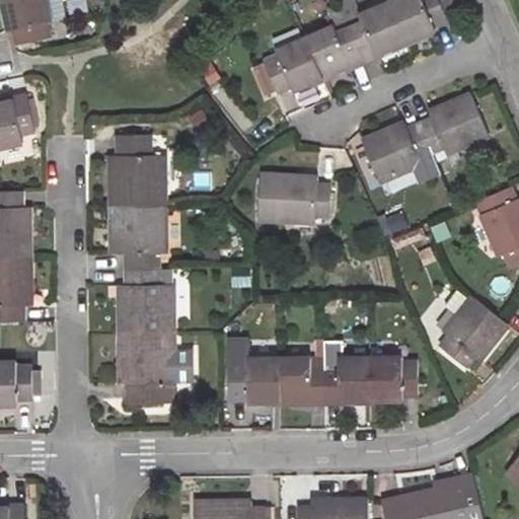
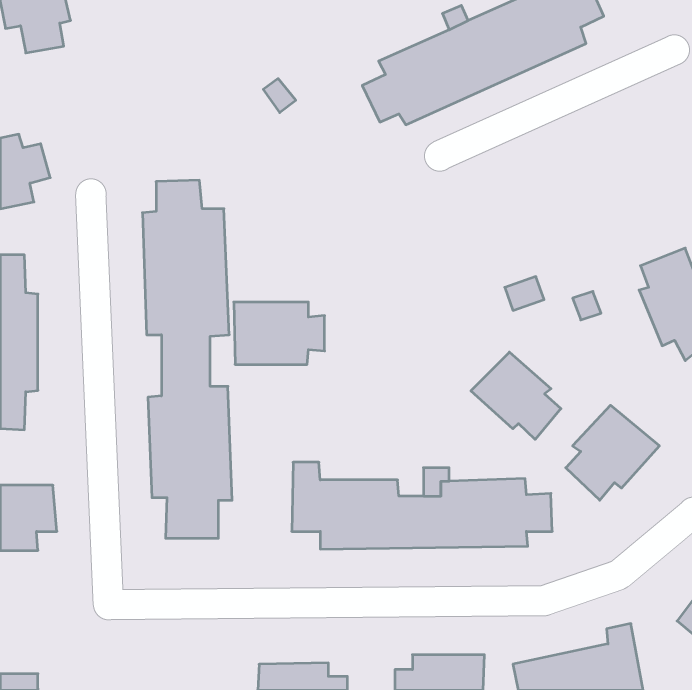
building: [359,92,491,184] -> none
building: [261,176,328,223] -> [234,302,325,364]
building: none -> [471,352,561,439]

